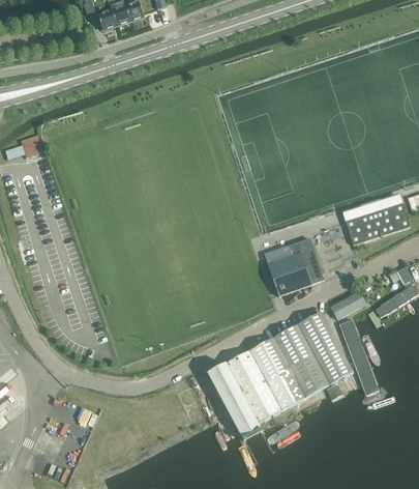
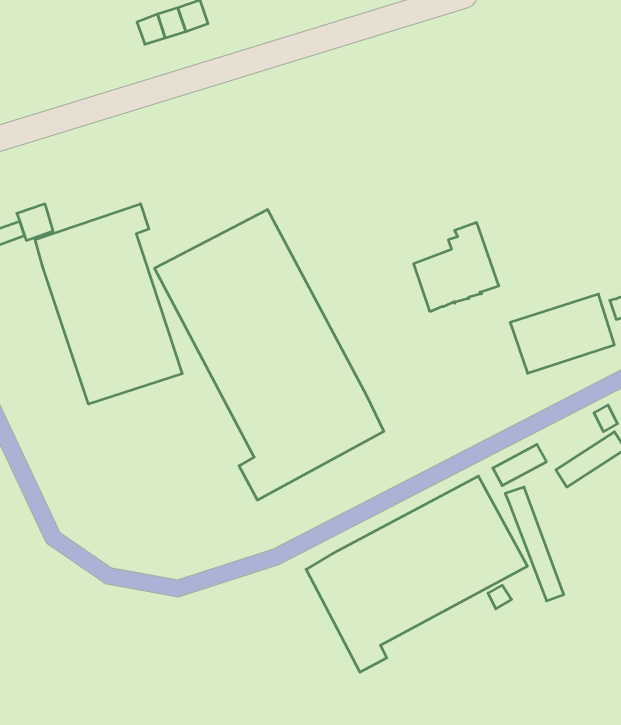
building: none -> [35,204,182,404]
building: none -> [155,209,384,500]
building: [268,237,324,295] -> [414,223,499,311]

